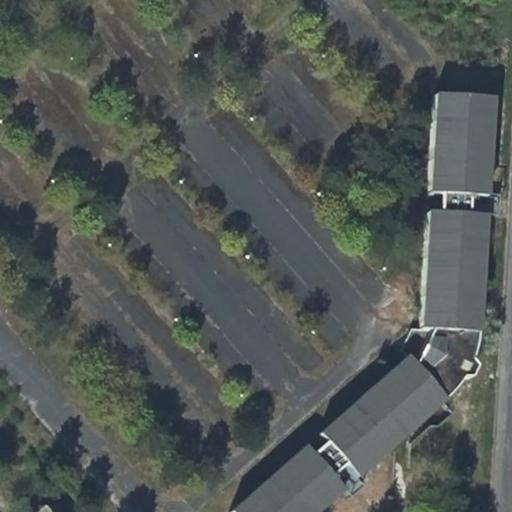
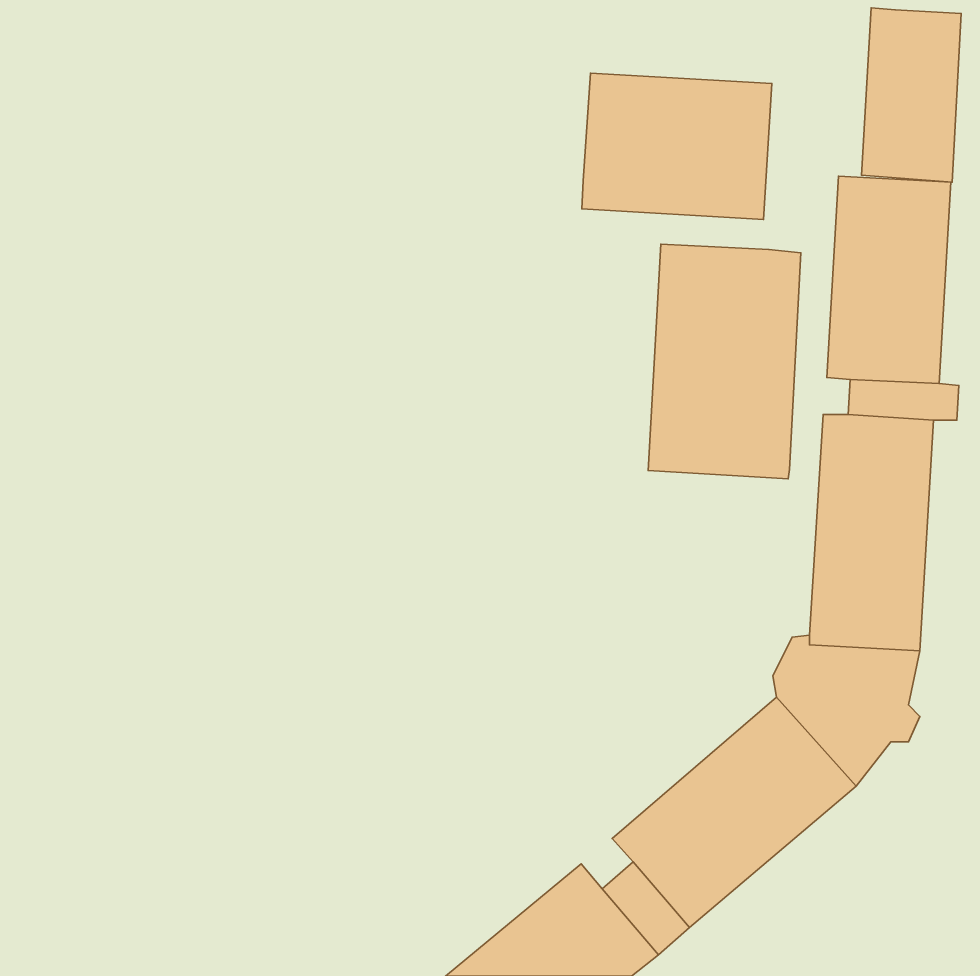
building: none -> [862,8,961,182]
building: none -> [582,73,772,219]
building: none -> [648,244,801,479]

